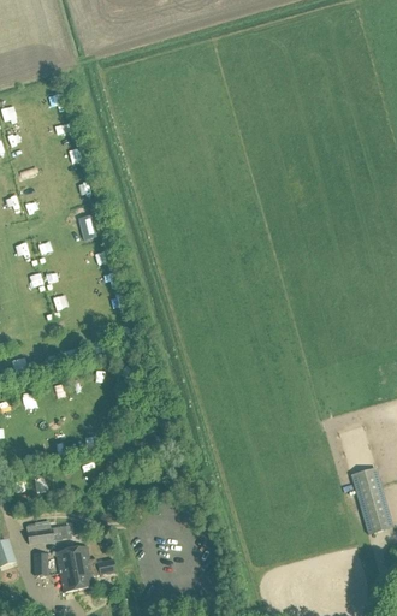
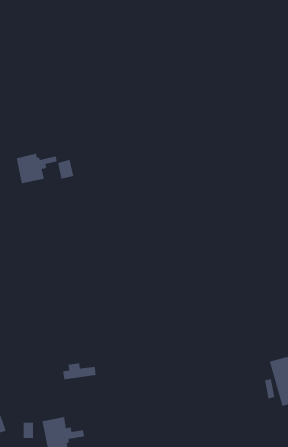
building: none -> [16,153,58,184]
building: [25,520,70,543] -> [62,362,96,380]

